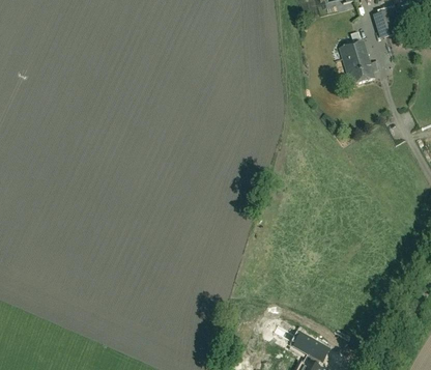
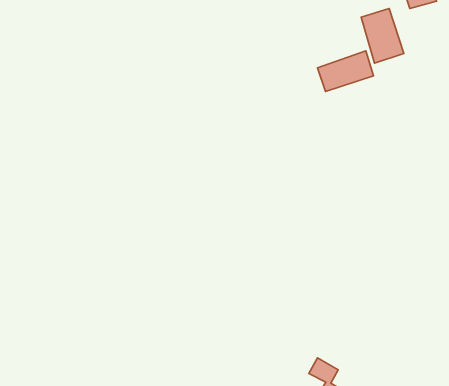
building: none -> [317,51,374,91]

